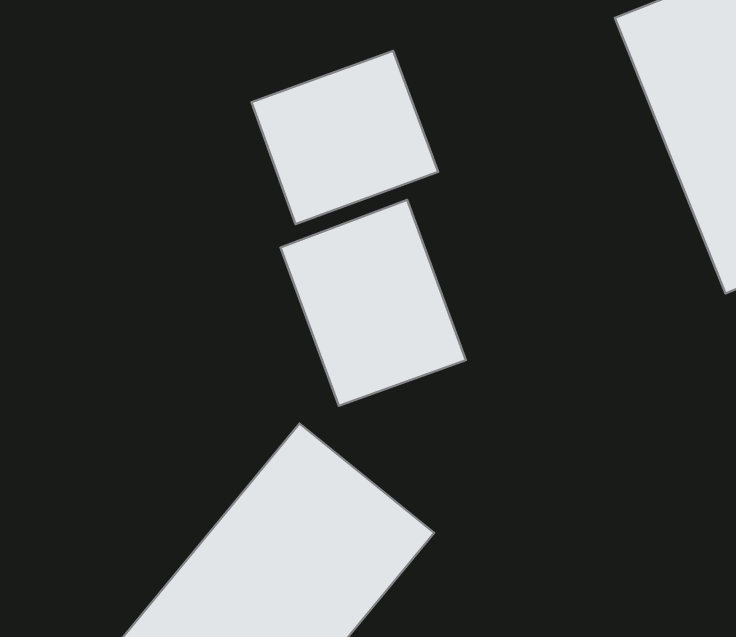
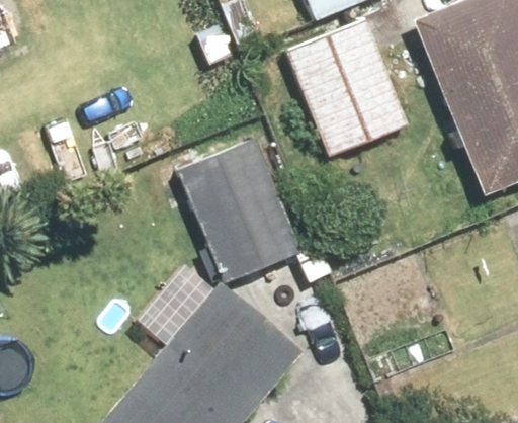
building: none -> [296,18,423,162]
building: [252,51,438,224] -> none

